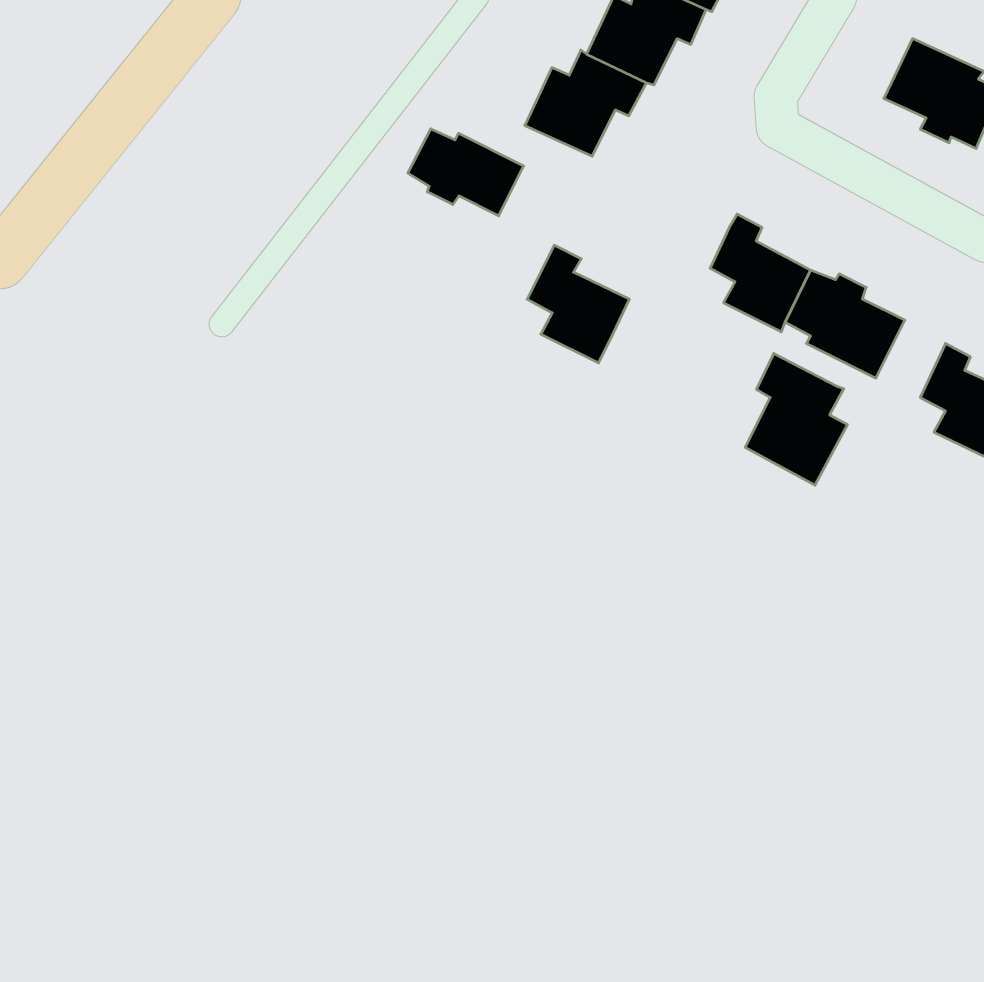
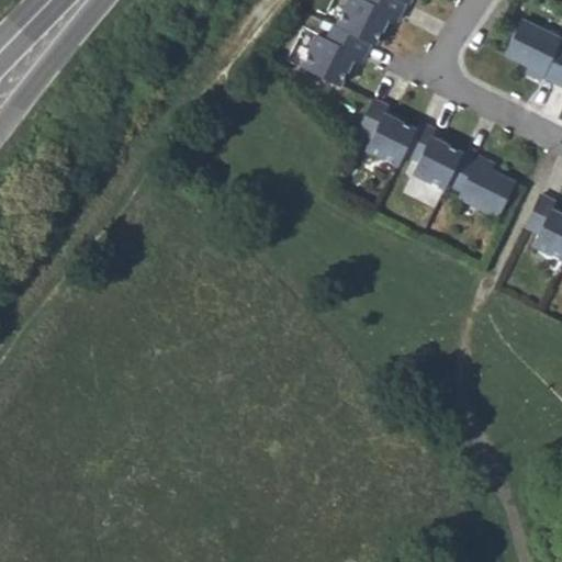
building: [408,129,524,216] -> none
building: [527,245,629,363] -> [358,99,416,166]
building: [745,353,847,485] -> none

